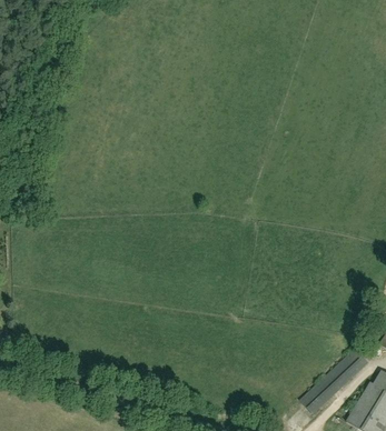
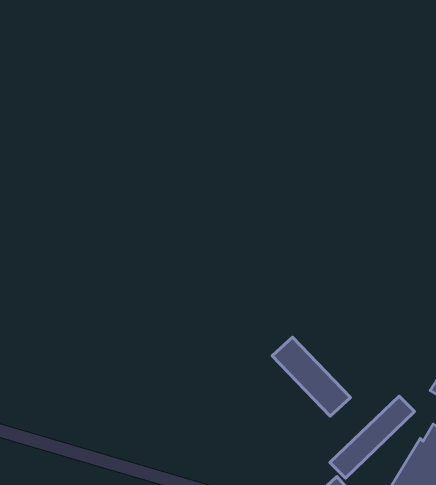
building: none -> [272,337,351,416]

